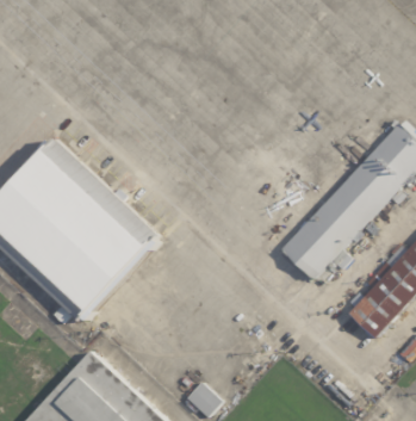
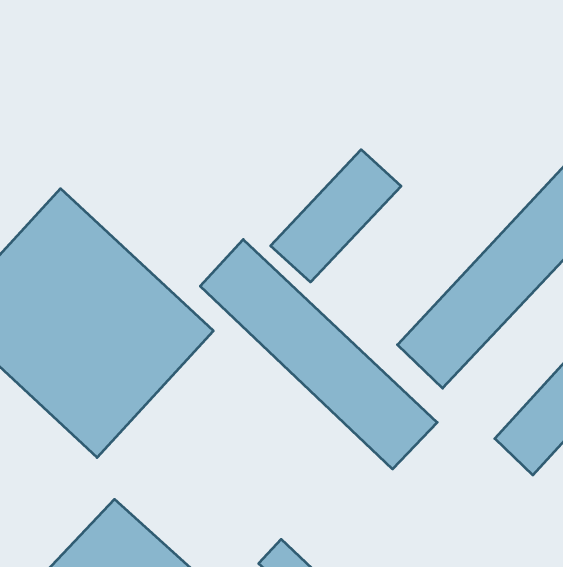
building: none -> [271,150,401,282]
building: none -> [200,239,437,469]

